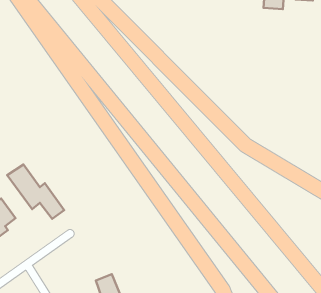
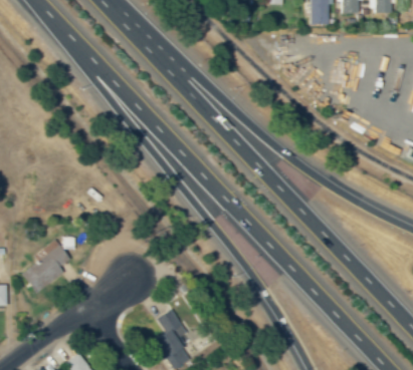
building: [7,164,64,219] -> none

